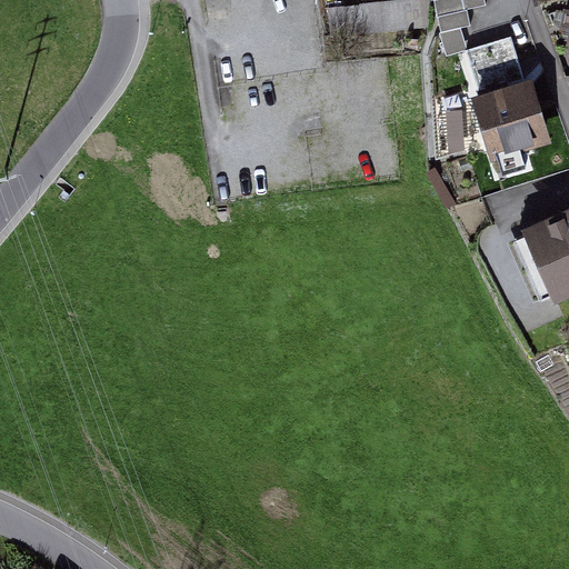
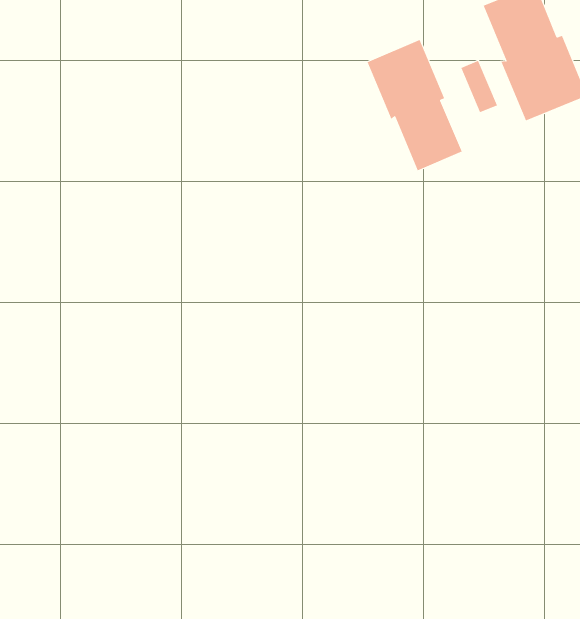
building: none -> [367,39,463,171]

